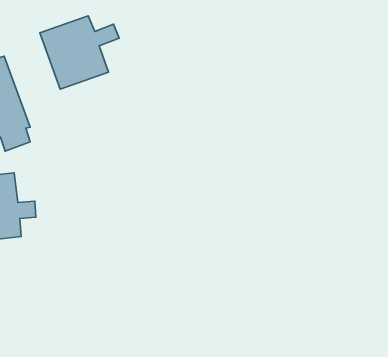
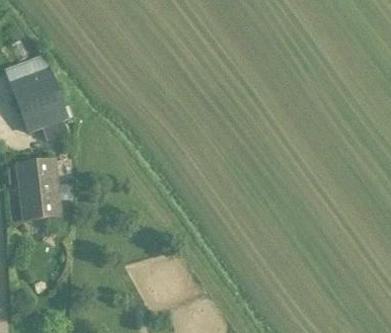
building: [40,16,119,89] -> none

